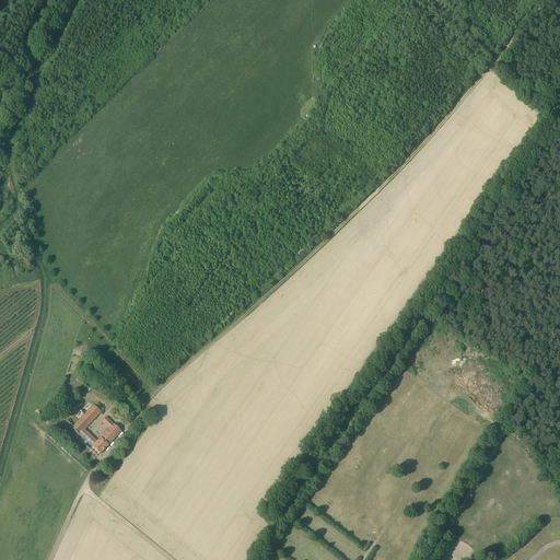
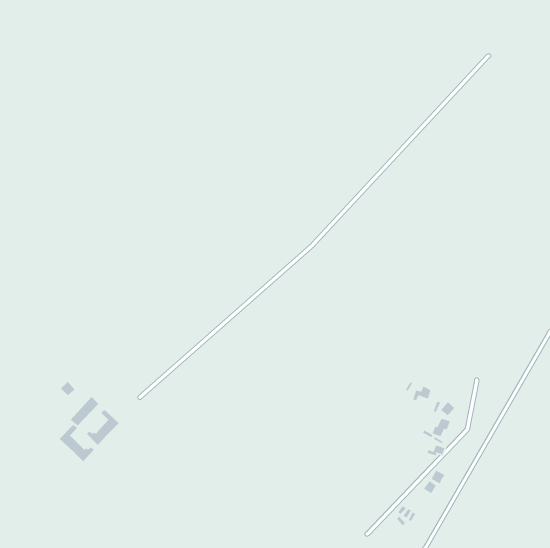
building: none -> [59,424,95,462]

